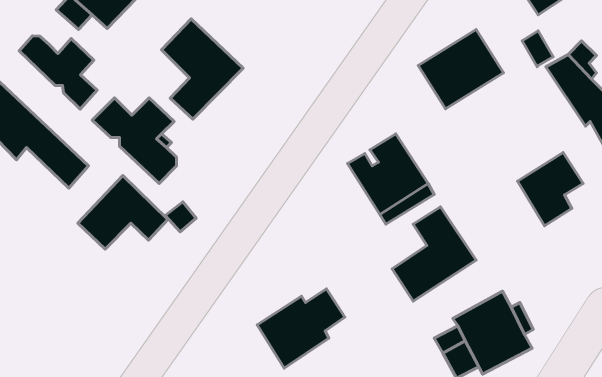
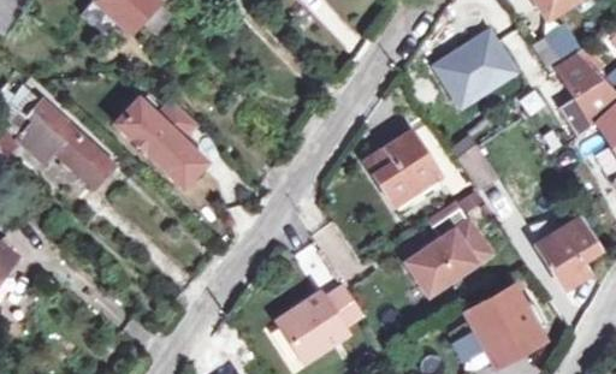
building: [161,19,243,119] -> none
building: [19,36,97,109] -> none
building: [517,153,583,226] -> [537,220,600,291]
building: [78,175,168,249] -> none

